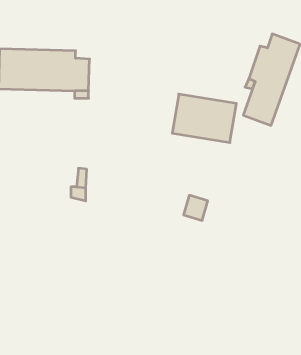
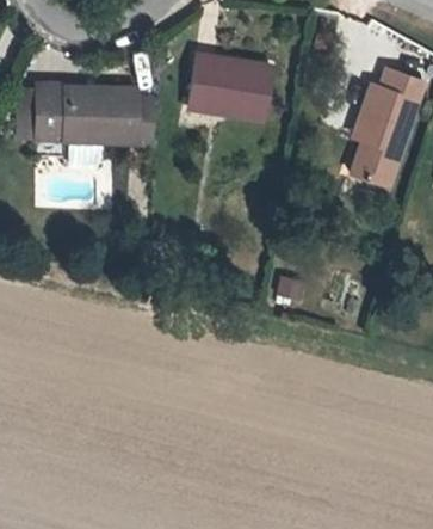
building: [172,94,236,143] -> [190,55,272,117]

